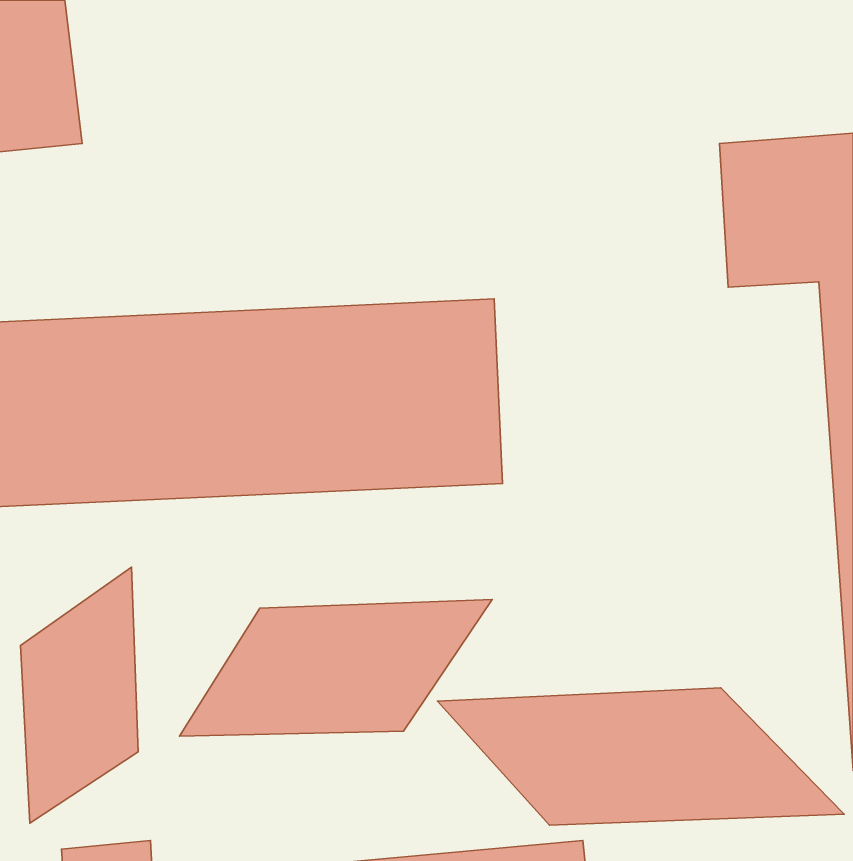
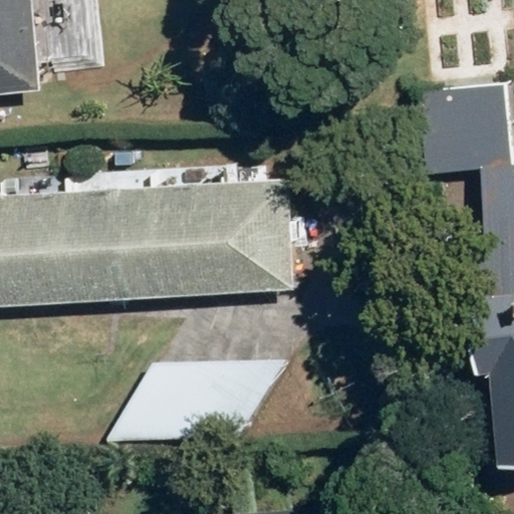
building: [20,567,138,823] -> none
building: [437,688,844,825] -> none

